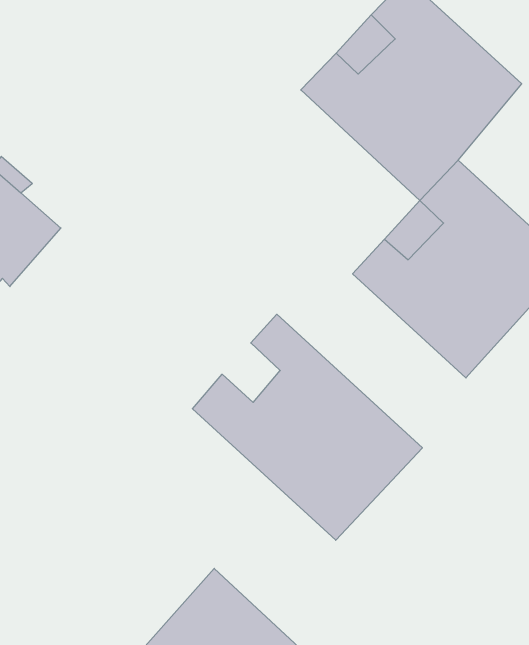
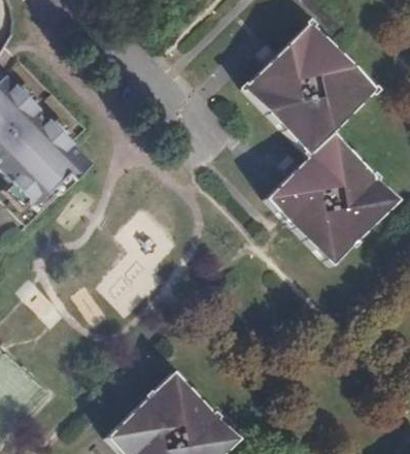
building: [192,314,422,540] -> none

